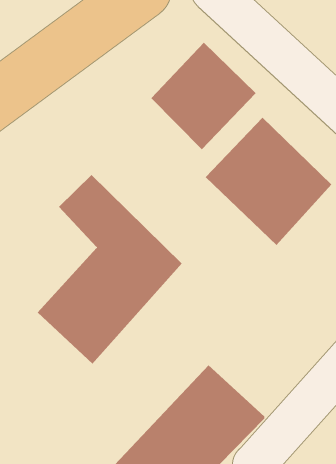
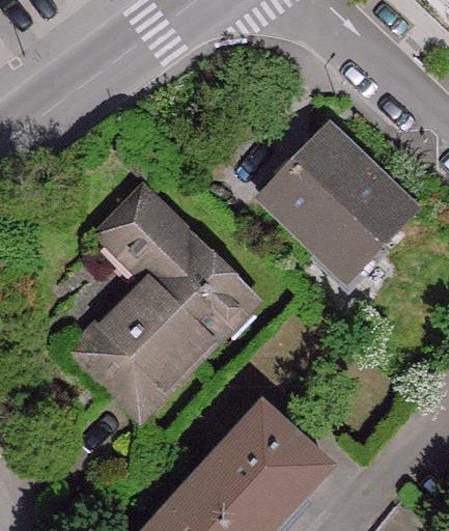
building: [150,42,256,150] -> none

